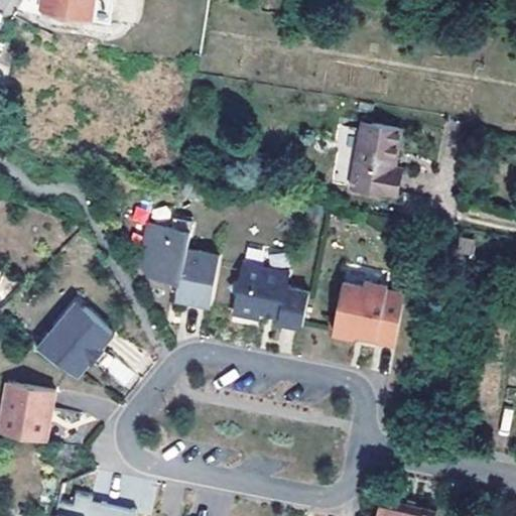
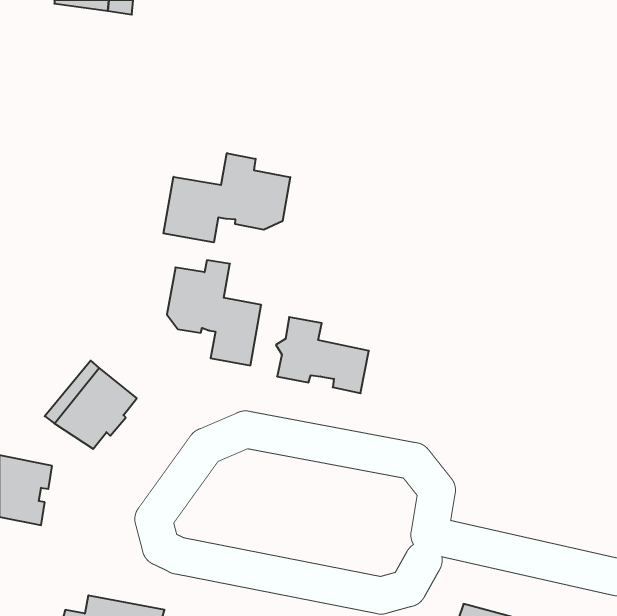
building: [348,122,397,195] -> none
building: none -> [163,153,290,242]
building: [332,283,403,348] -> none

